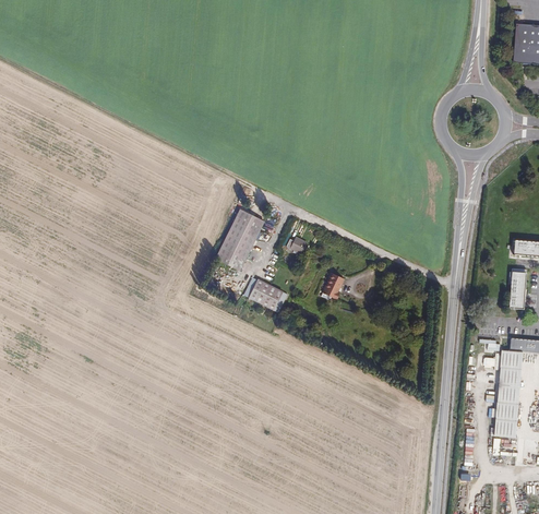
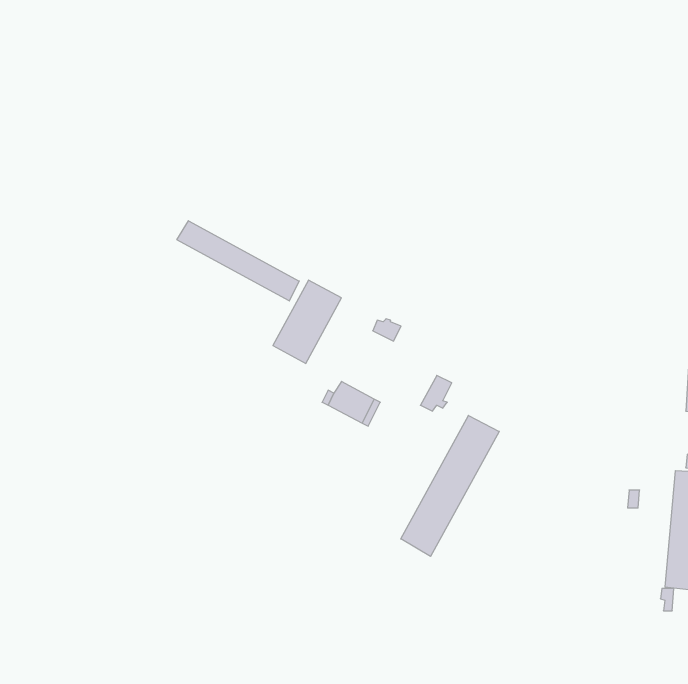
building: none -> [177,221,299,301]
building: none -> [401,415,499,556]

